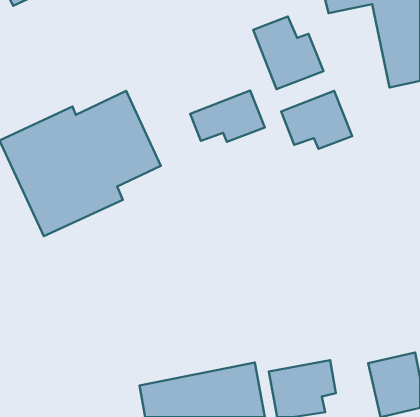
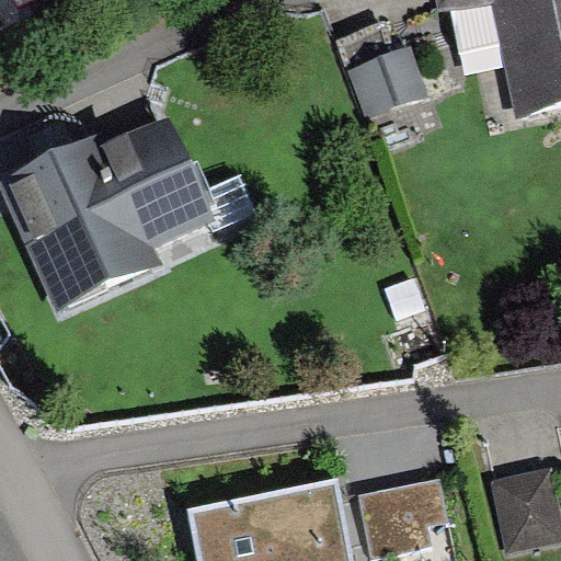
building: [190,90,265,142] -> none
building: [281,91,352,149] -> none

